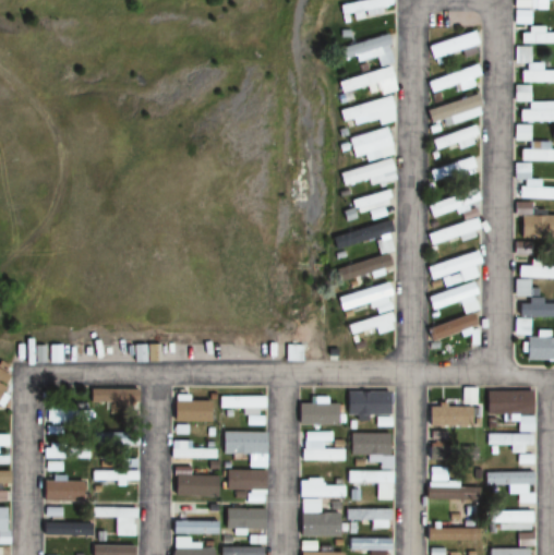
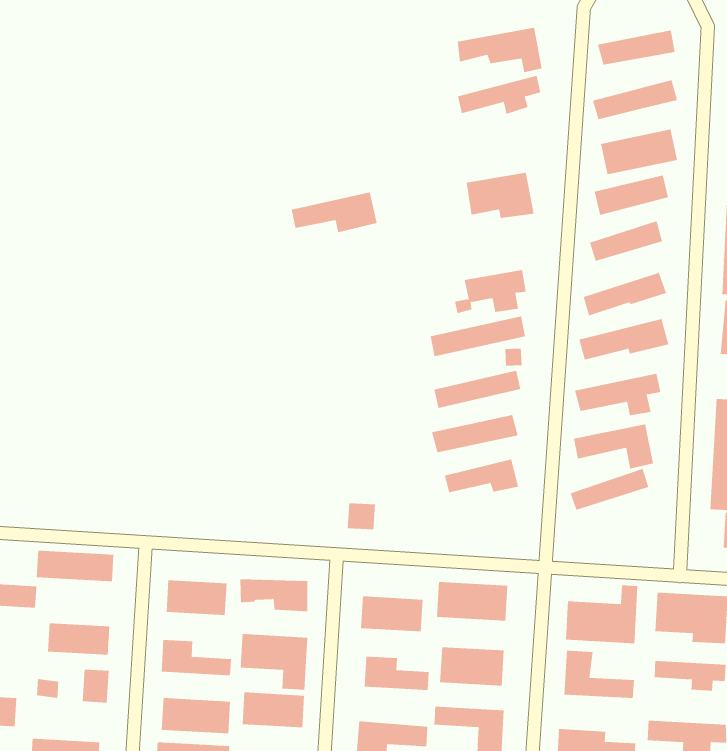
building: [342,97,398,123] -> none
building: [342,158,398,185] -> [291,192,377,233]

